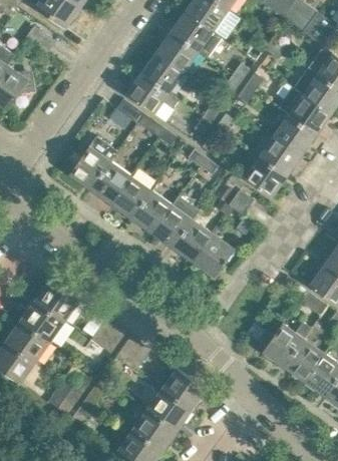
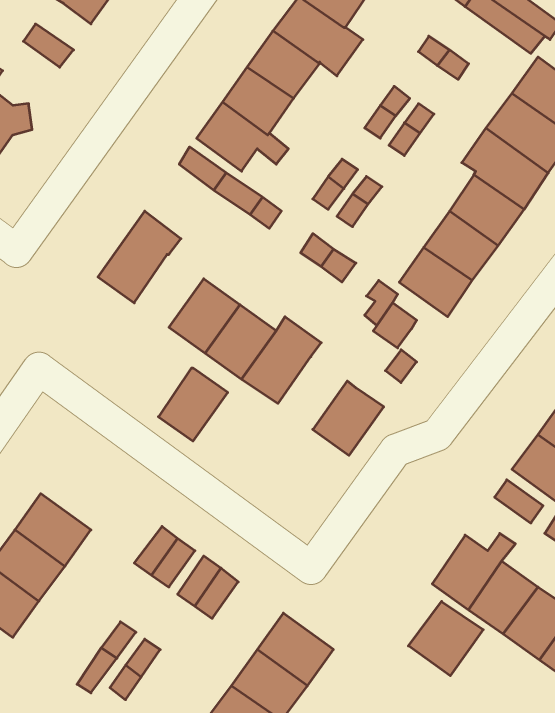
building: [90,161,130,203] -> [158,368,228,441]
building: [174,220,214,263] -> none
building: [36,279,80,321] -> none
building: none -> [408,601,483,676]

